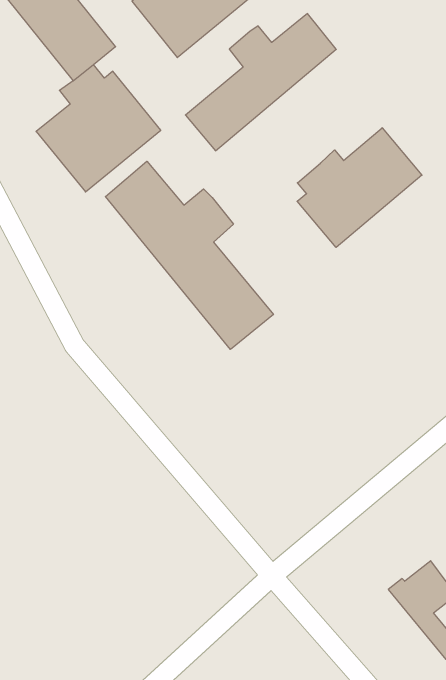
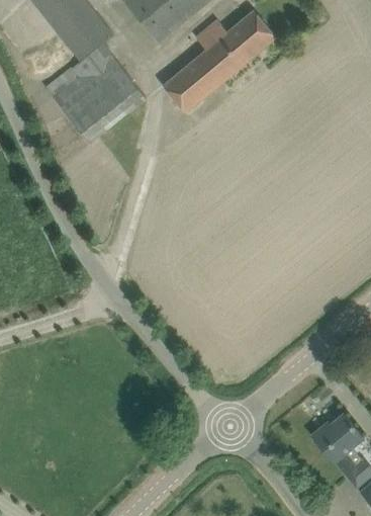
building: [297,128,422,247] -> none
building: [105,161,273,349] -> none

